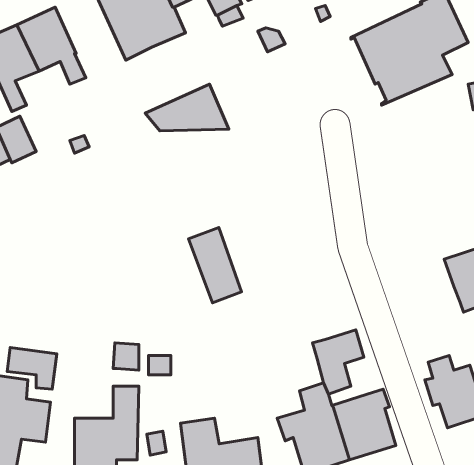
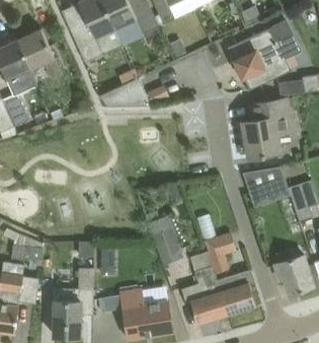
building: none -> [243,97,292,157]
building: none -> [242,166,286,194]
building: [188,227,241,303] -> [148,216,181,264]

